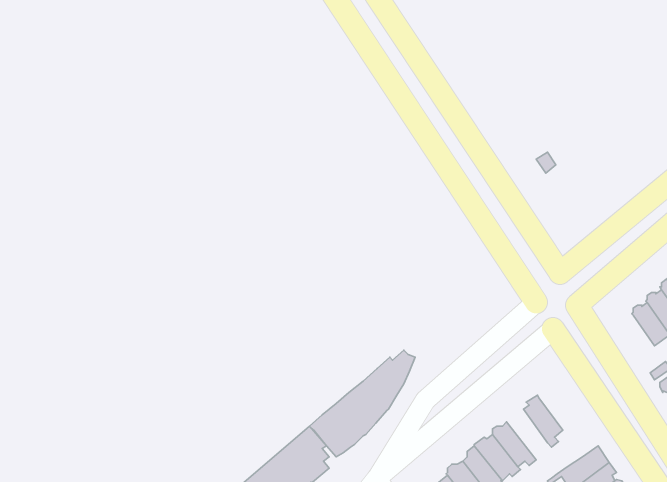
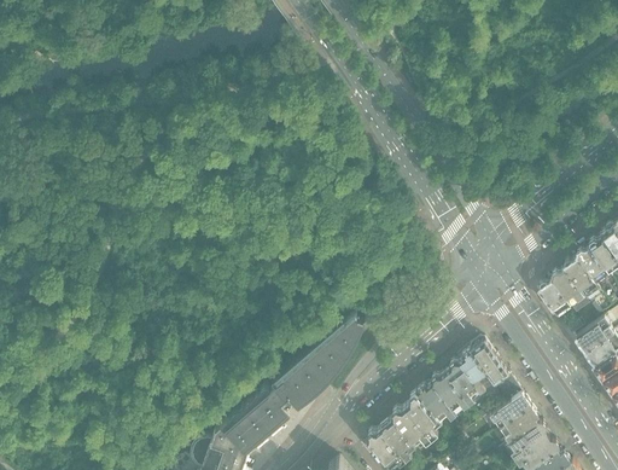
building: none -> [538,282,571,317]
building: none -> [471,340,523,404]
building: none -> [444,362,479,406]

